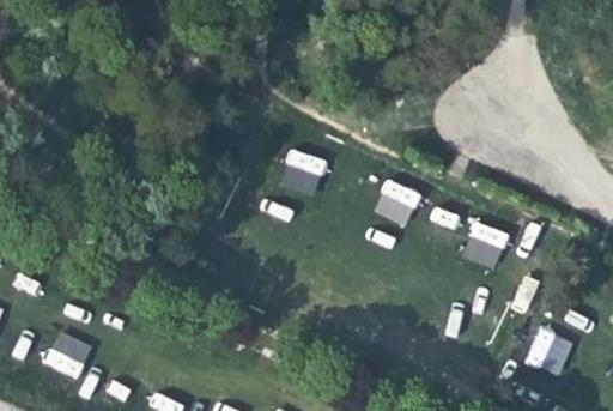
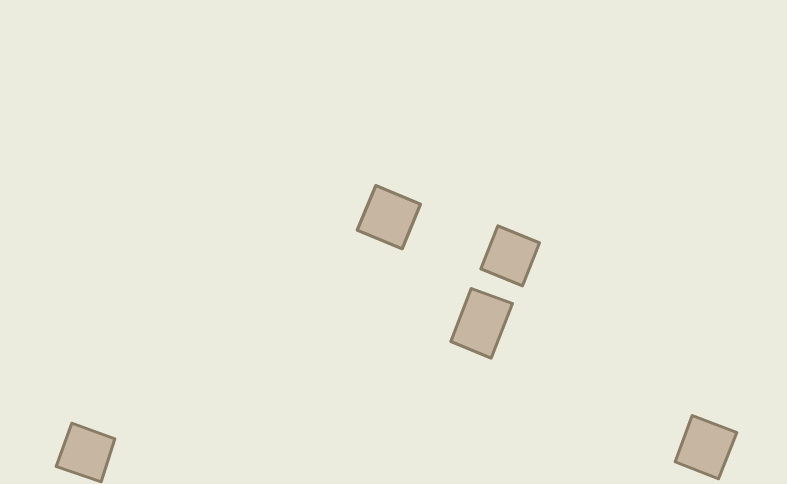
building: [461,222,506,267] -> none
building: none -> [451,289,513,358]

